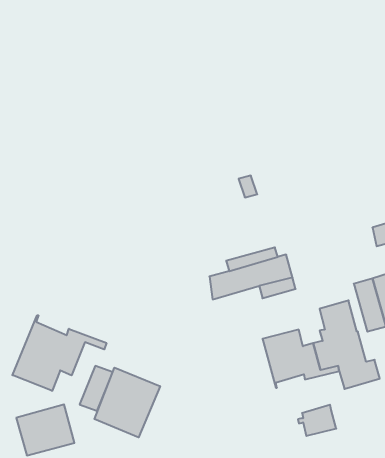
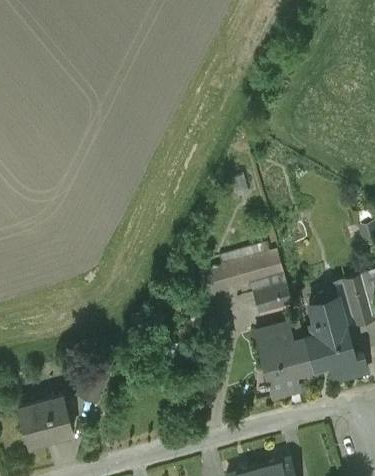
building: none -> [253,287,291,313]
building: [12,315,106,391] -> none
building: [94,368,160,437] -> none
building: [298,405,336,436] -> [263,369,300,399]

